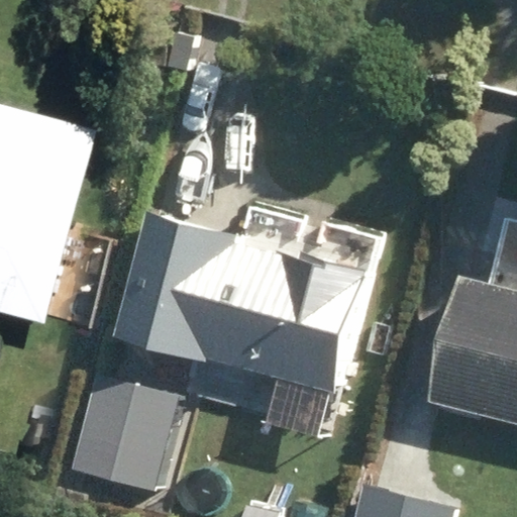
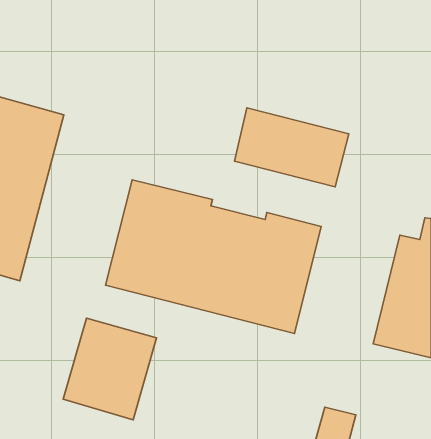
building: none -> [234,108,349,187]

